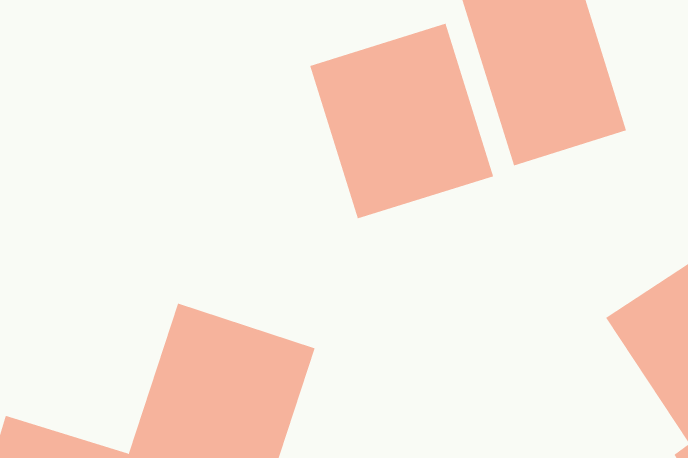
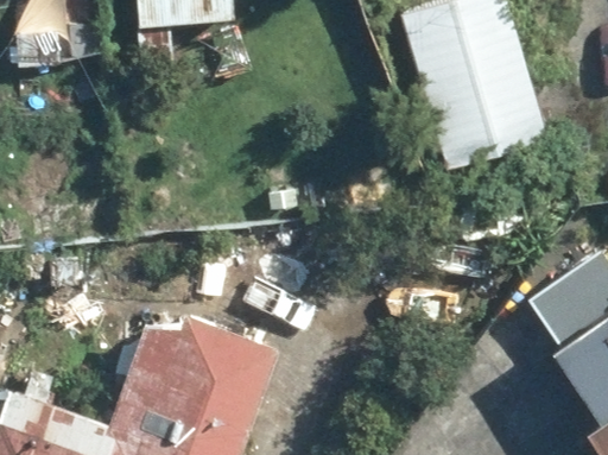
building: [310,23,494,219] -> none

